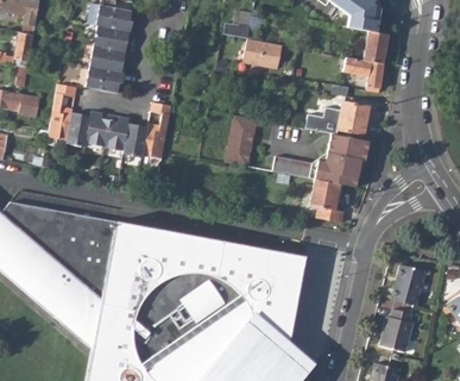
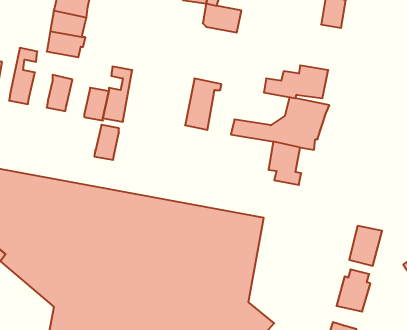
building: [344,57,384,88] -> none
building: [67,113,92,148] -> none
building: [105,115,130,151] -> [94,125,119,160]

